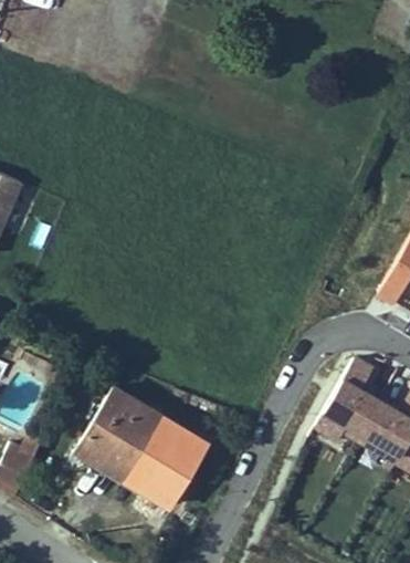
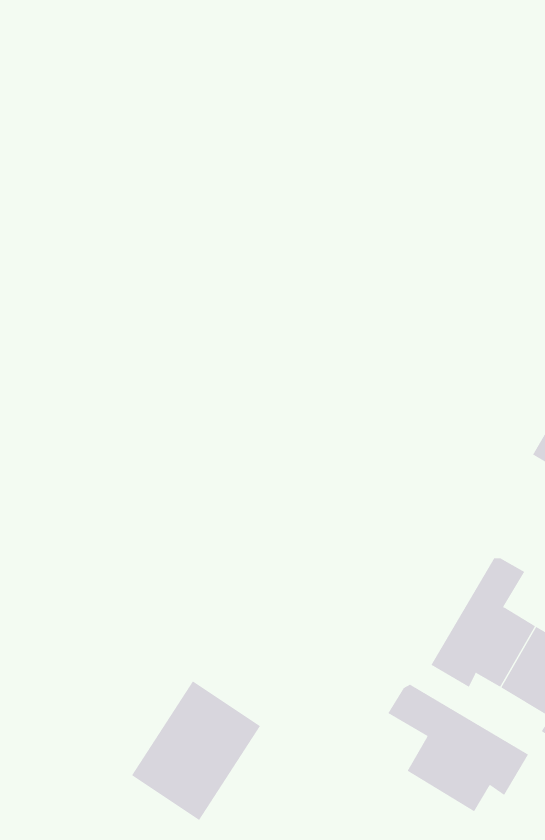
building: [75,402,162,492] -> none
building: none -> [387,684,529,812]

